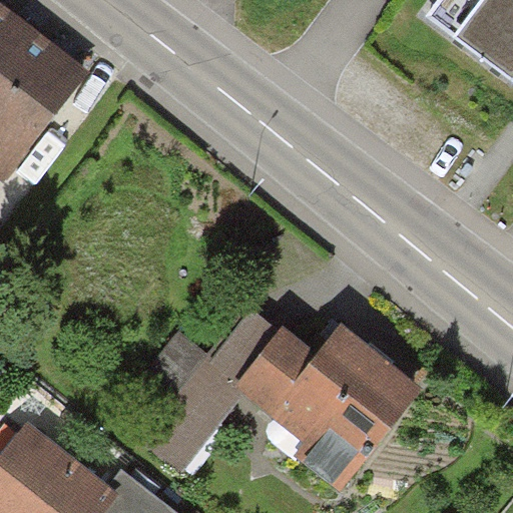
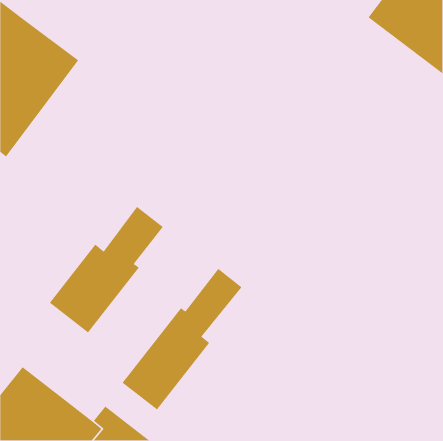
building: none -> [49,206,164,334]
building: [233,326,422,493] -> none

